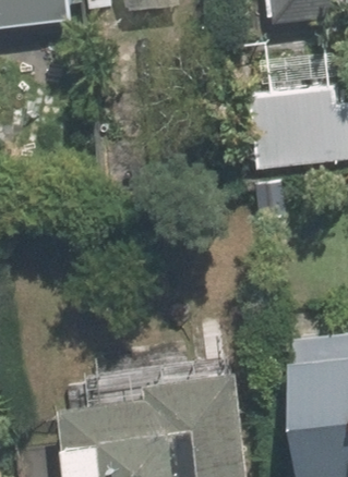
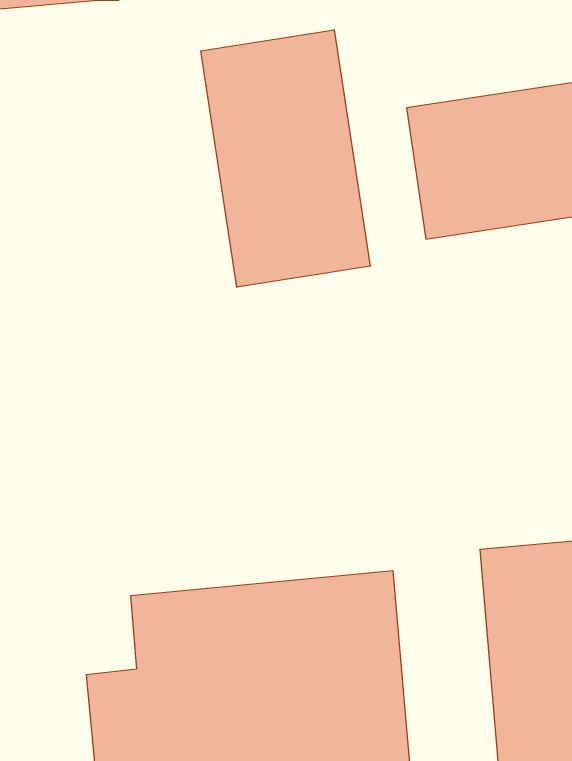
building: none -> [201,30,370,287]

